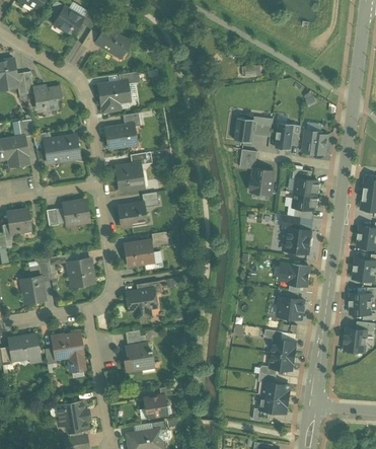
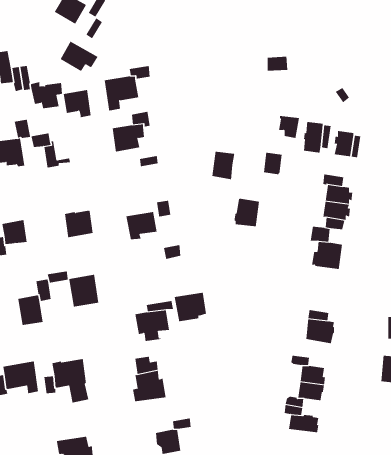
building: [95,27,130,55] -> [60,41,98,72]
building: [234,118,255,143] -> [211,151,235,180]
building: [54,135,79,160] -> [63,89,91,118]
building: [116,163,144,192] -> none
building: [250,168,274,194] -> [234,198,260,227]
building: [124,240,153,267] -> [174,292,207,322]
building: [280,265,307,284] -> none
building: [260,395,289,414] -> none

